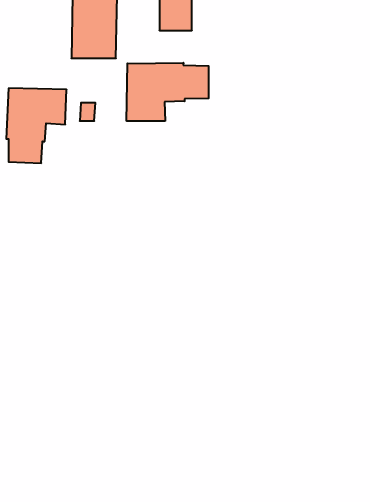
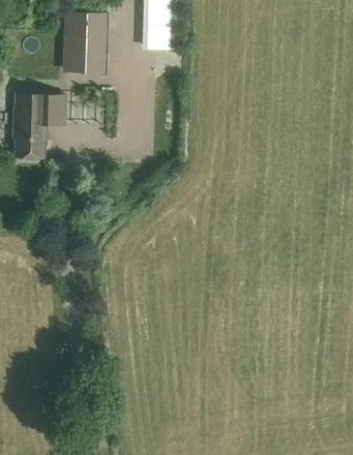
building: [127,63,209,121] -> none

